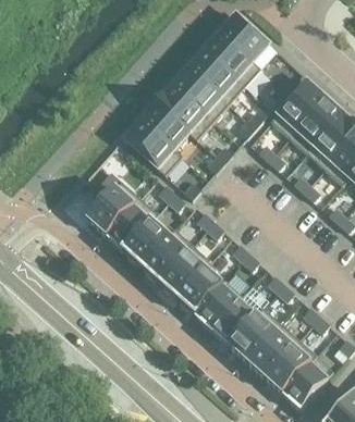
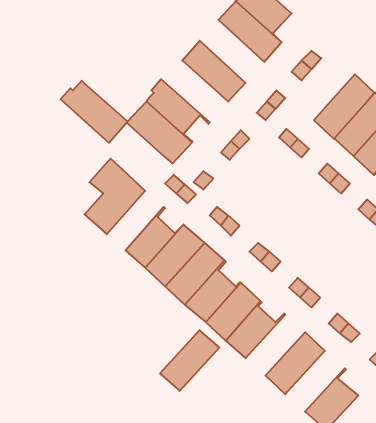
building: [188,47,245,102] -> none
building: [270,78,325,135] -> none
building: [155,83,213,137] -> [61,81,127,143]
building: [107,197,157,249] -> none
building: [229,306,281,359] -> [160,330,219,391]
building: [264,337,316,390] -> none

